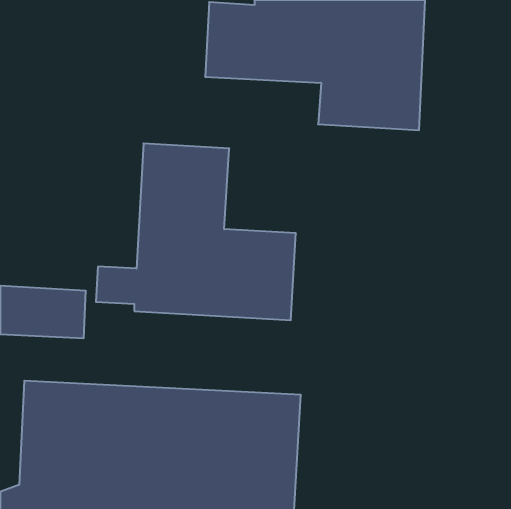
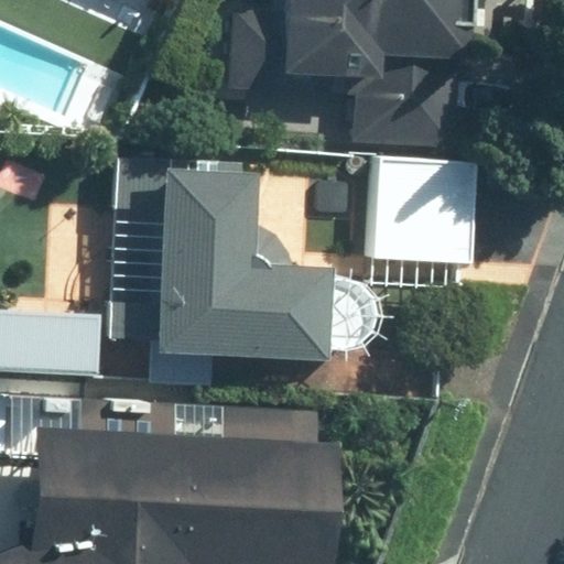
building: none -> [371,153,481,263]

